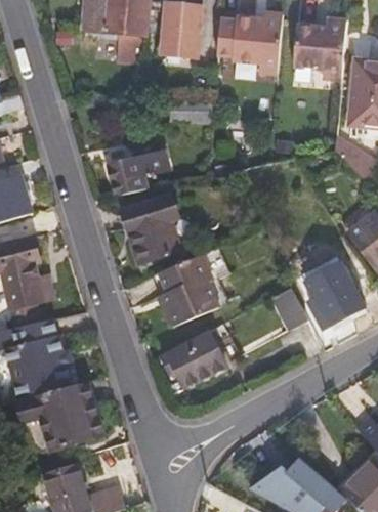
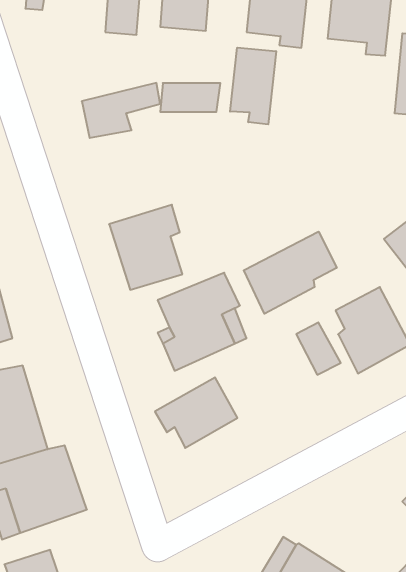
building: none -> [230,48,276,124]
building: [109,152,170,195] -> [82,83,160,138]
building: none -> [244,232,337,314]

